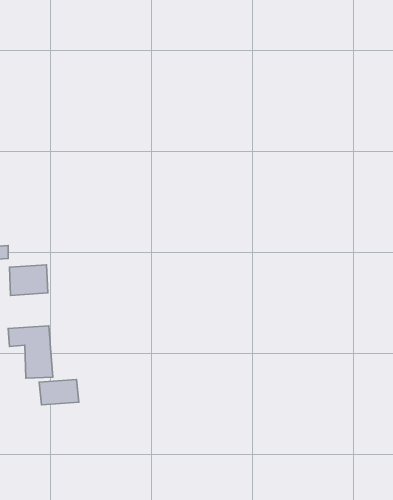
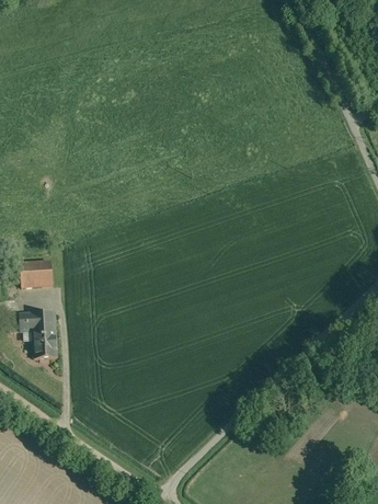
building: [39,379,79,405] -> none

